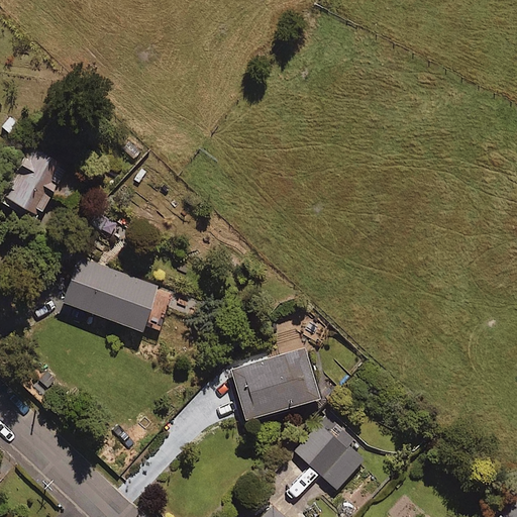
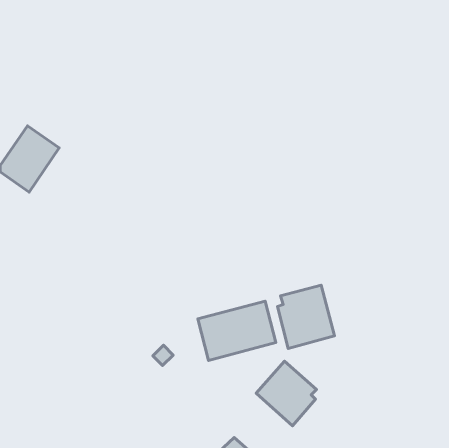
building: [63,261,156,329] -> none
building: none -> [277,285,334,349]

